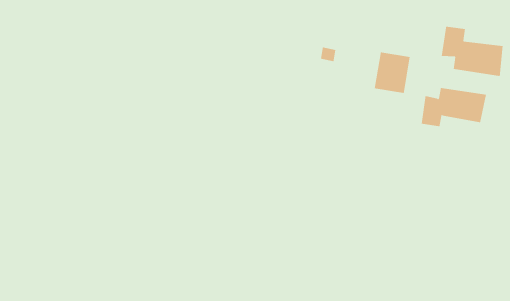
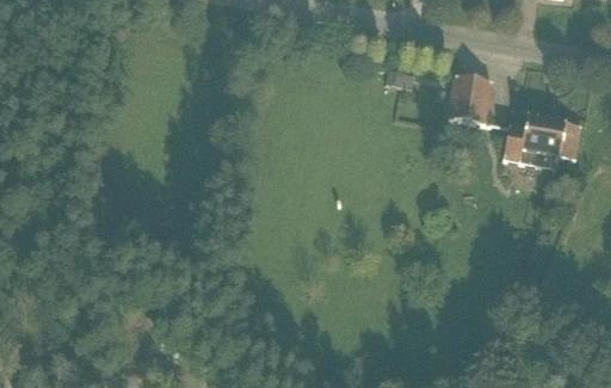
building: [441,26,503,77] -> none

